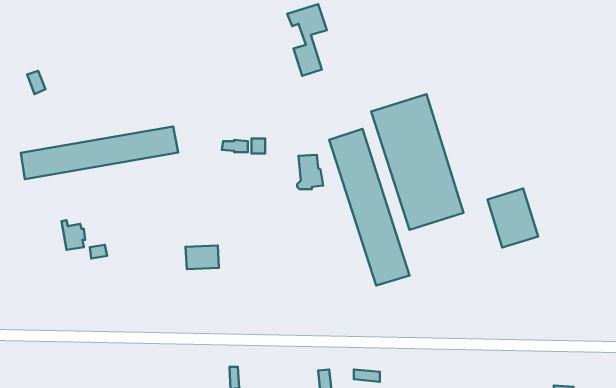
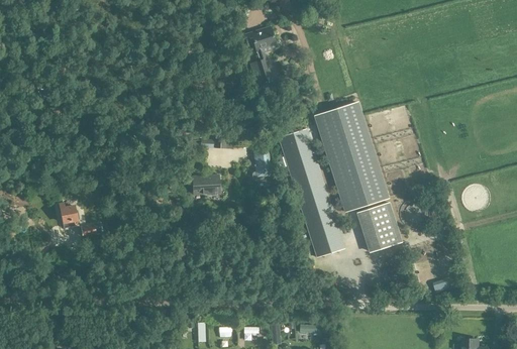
building: [21,127,178,179] -> none
building: [488,188,538,248] -> [358,204,400,252]
building: [186,246,219,269] -> [193,176,220,195]

